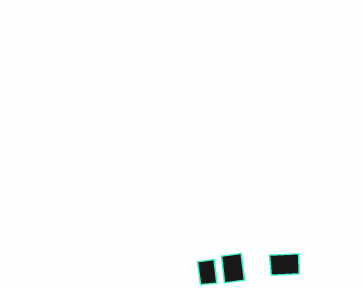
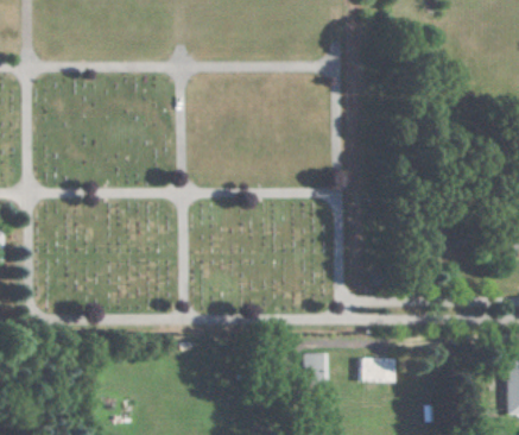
building: [198,260,217,285] -> none

